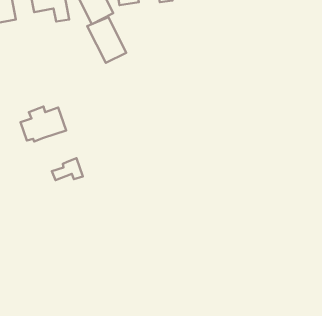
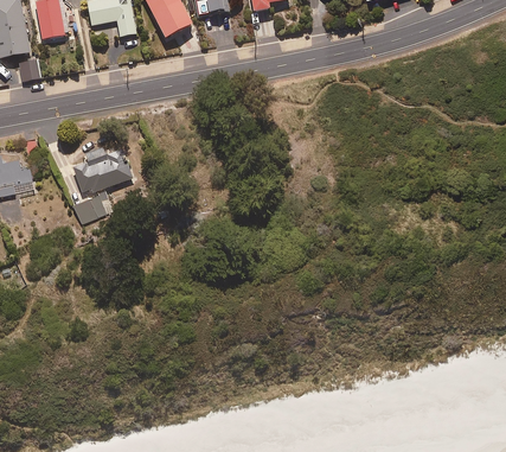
building: [87,17,126,63] -> none
building: [52,158,83,180] -> [71,187,111,216]

